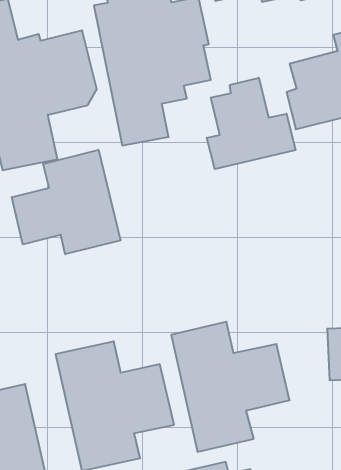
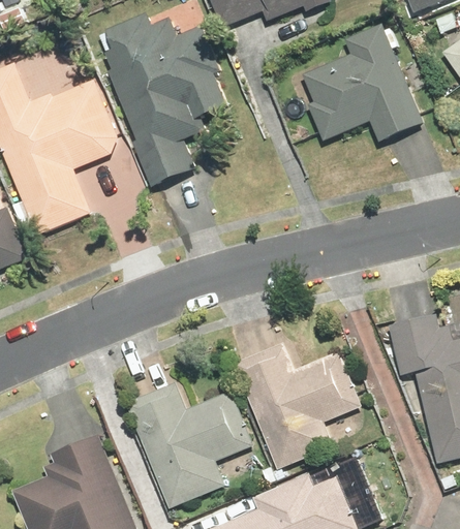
building: [207,78,296,169] -> none
building: [12,150,121,254] -> none

